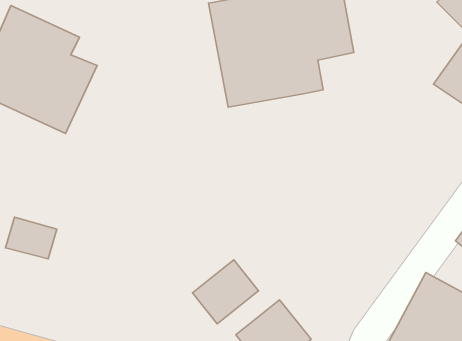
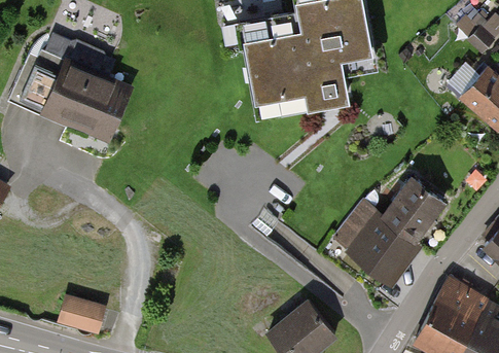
building: none -> [326,171,444,289]
building: [6,217,57,259] -> [56,293,104,332]
building: [193,260,258,324] -> none

